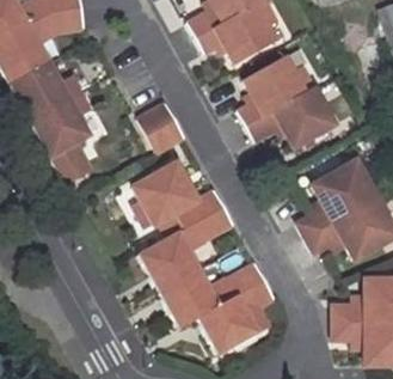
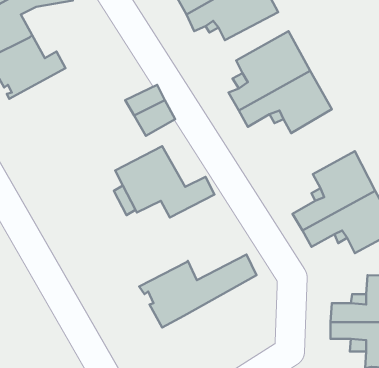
building: [32,87,96,157] -> none
building: [134,206,234,292] -> none
building: [196,281,274,354] -> none

